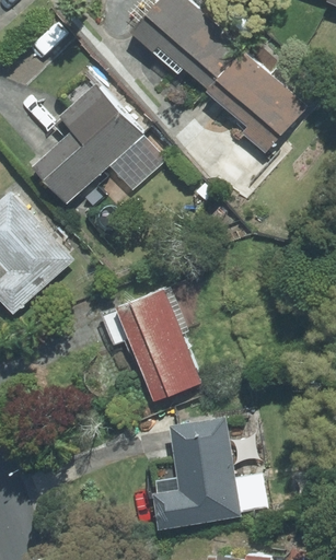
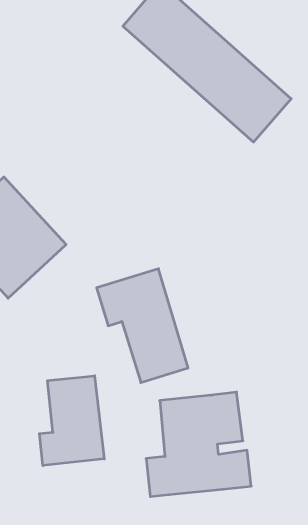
building: [33,81,169,203] -> none
building: none -> [39,376,104,466]

